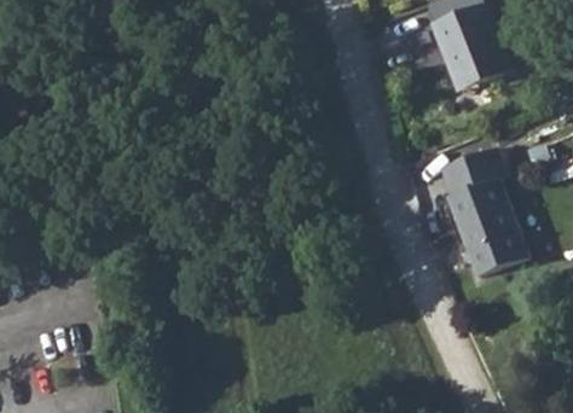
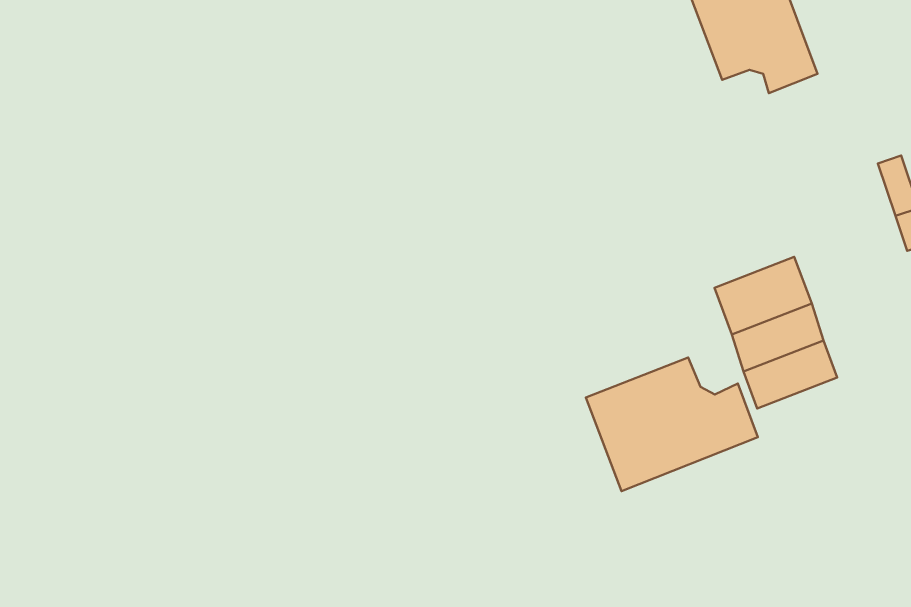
building: [440,150,504,202] -> none
building: none -> [586,358,758,491]

